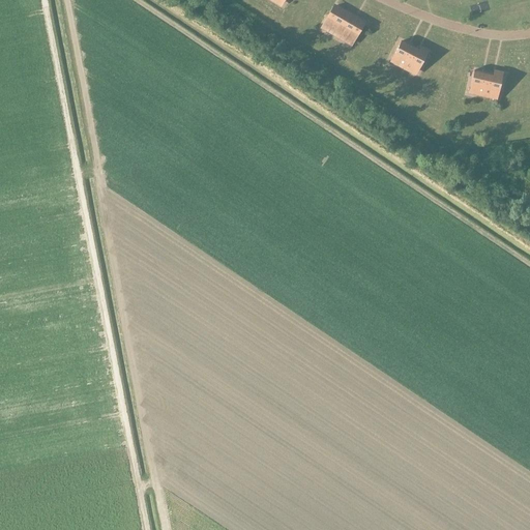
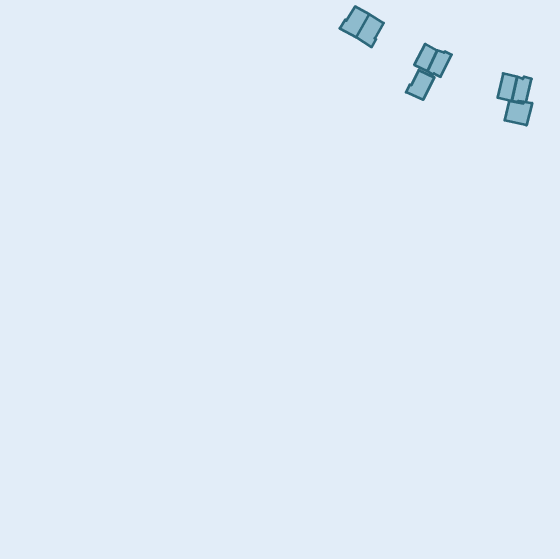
building: none -> [406,70,434,100]
building: none -> [505,101,532,125]

